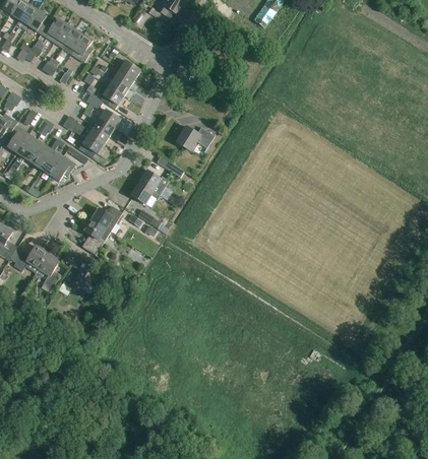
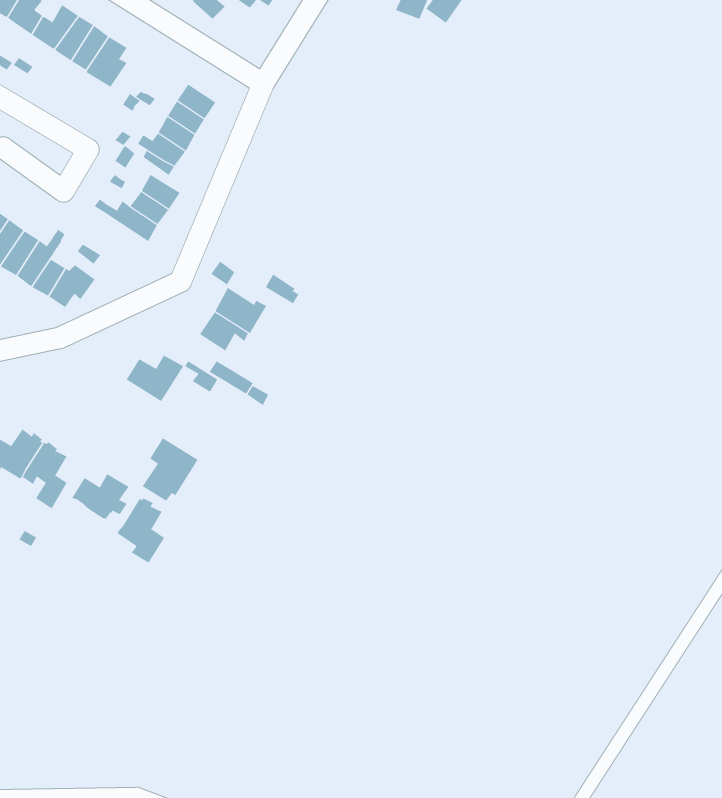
building: [71,125,103,153] -> none
building: [175,126,213,150] -> none
building: [79,218,110,253] -> [142,437,198,501]
building: none -> [117,497,165,564]

